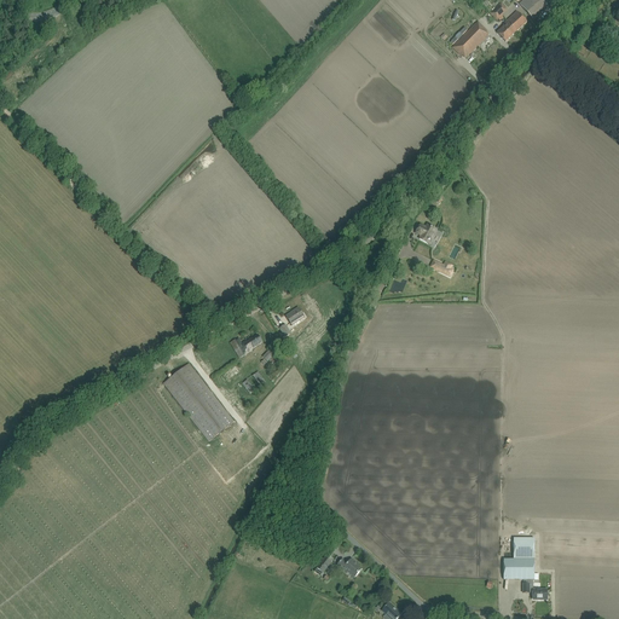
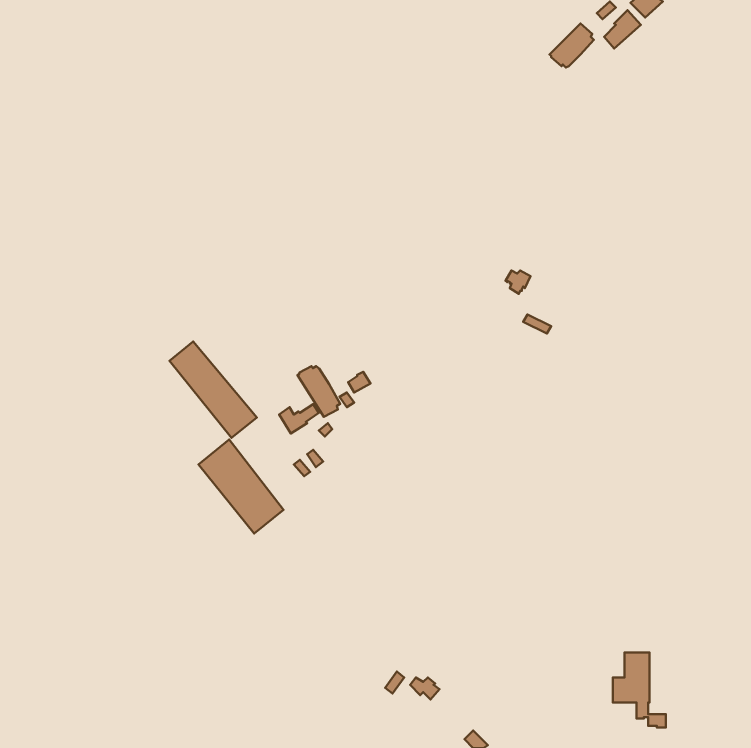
building: none -> [169,341,257,438]
building: none -> [297,366,340,417]

